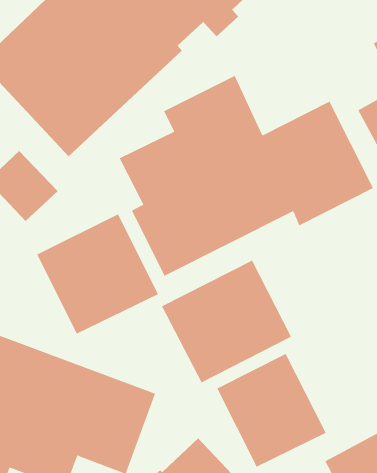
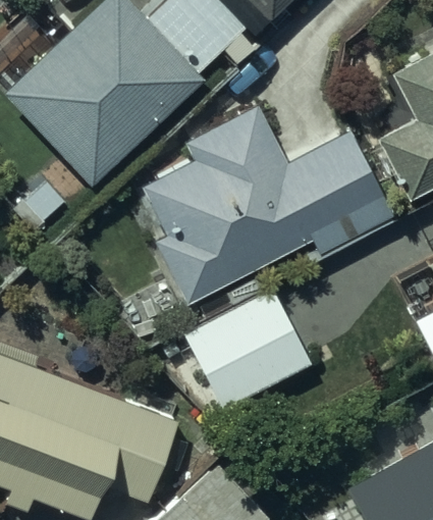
building: [37,213,159,335] -> none
building: [217,353,326,468] -> none

